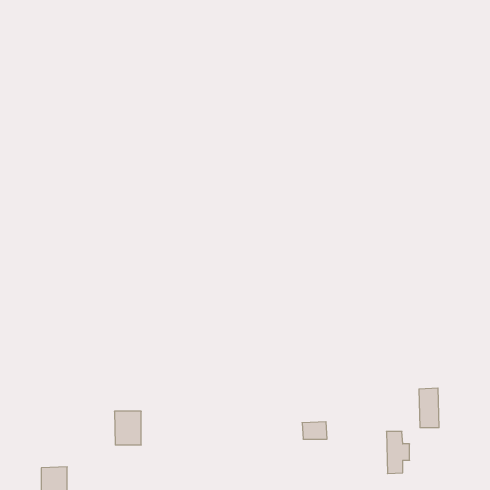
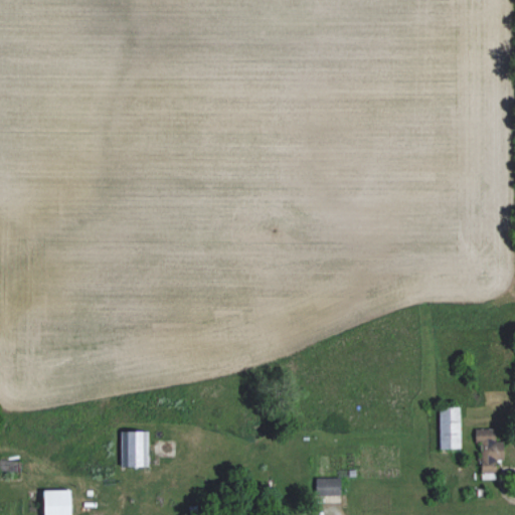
building: [302,422,327,439] -> [316,478,342,496]
building: [386,431,410,474] -> [480,430,504,474]

